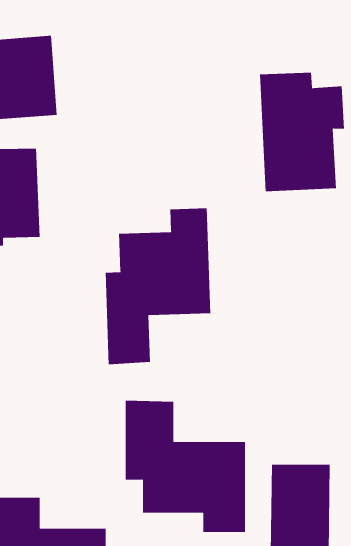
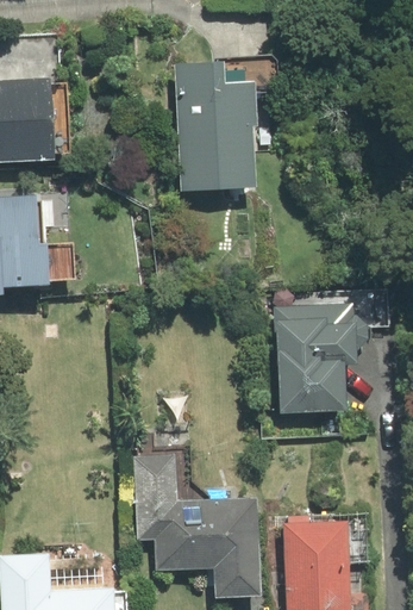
building: [259,72,345,192] -> [173,63,262,188]
building: [105,208,211,365] -> none
building: none -> [273,304,359,416]

